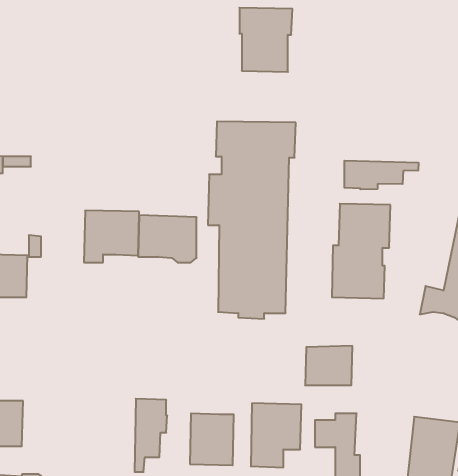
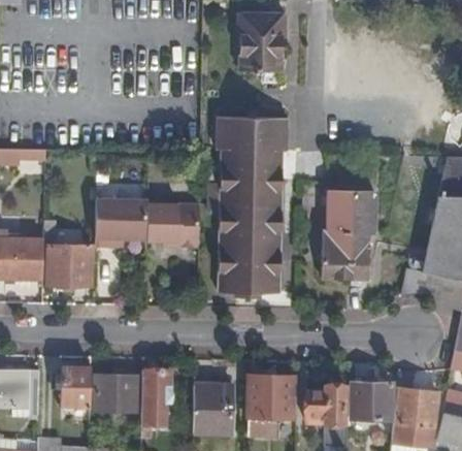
building: [344,161,418,189] -> none
building: none -> [46,246,93,285]
building: [305,346,352,385] -> [351,381,394,417]
building: none -> [61,366,92,411]
building: none -> [95,375,137,411]

